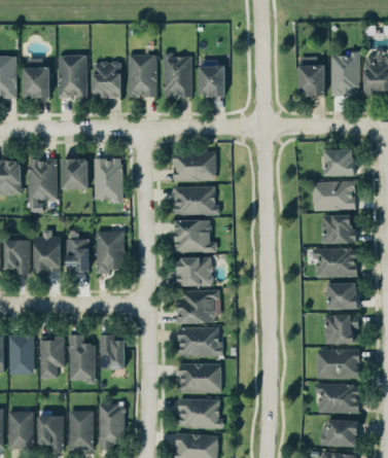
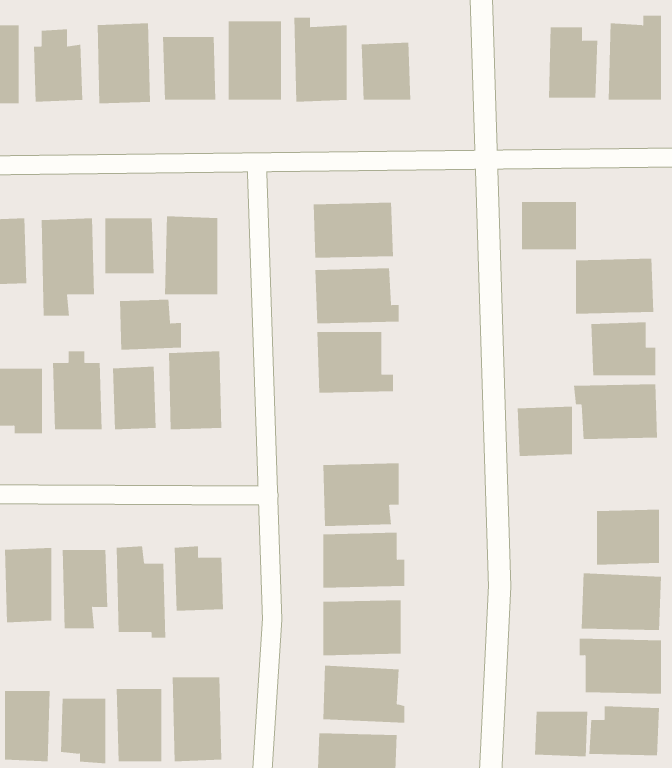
building: [324,150,354,176] -> [521,201,577,250]
building: none -> [120,299,182,351]
building: [176,257,212,287] -> none
building: [327,283,357,310] -> [517,406,573,456]
building: none -> [535,711,588,757]

